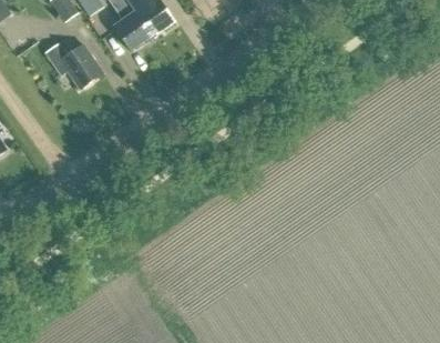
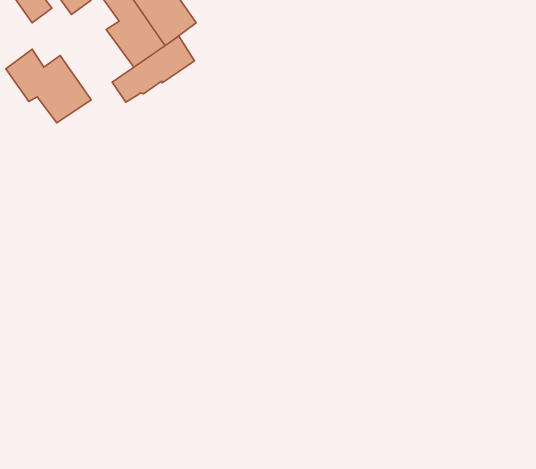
building: none -> [112,36,195,102]

